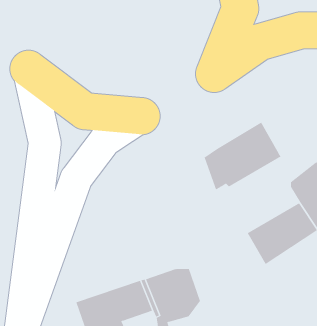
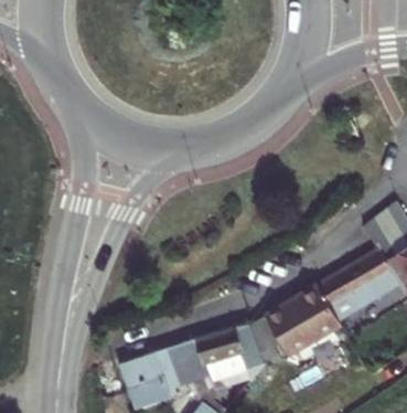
building: [204,122,282,190] -> [249,286,339,364]

